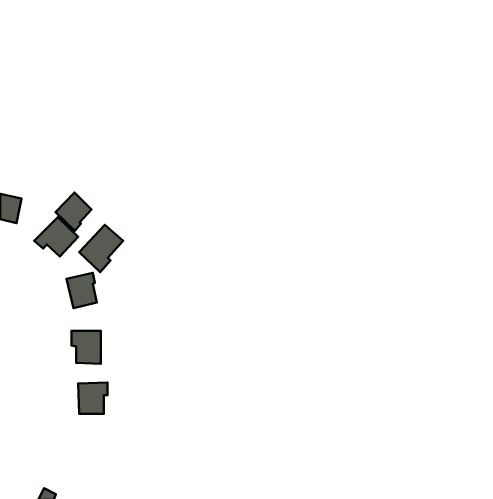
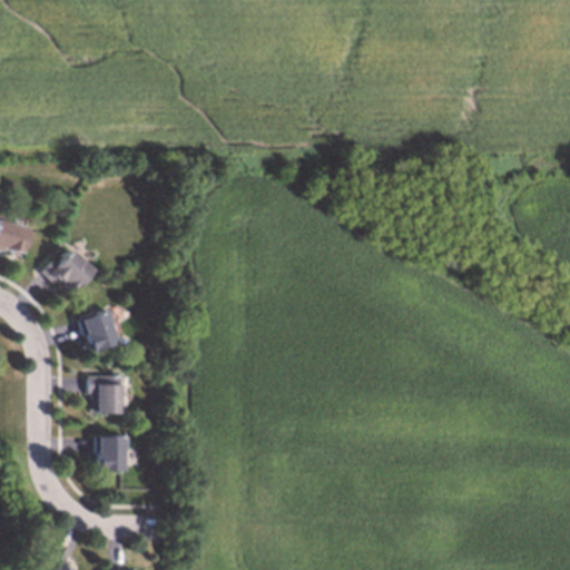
building: [55,193,92,231] -> none
building: [79,225,123,272] -> none

